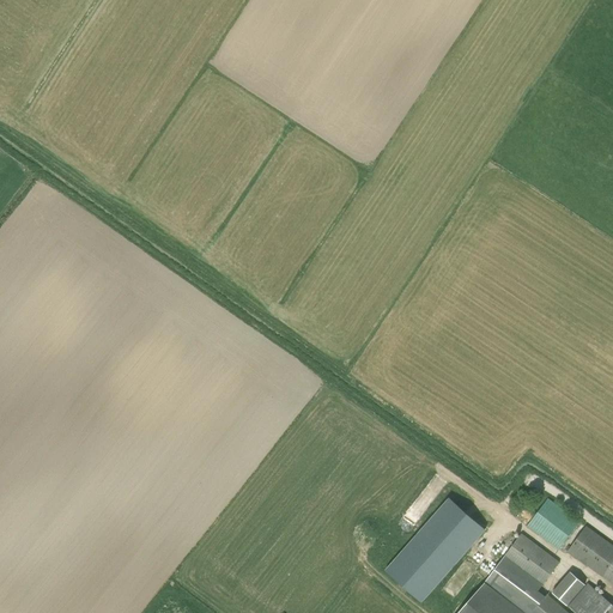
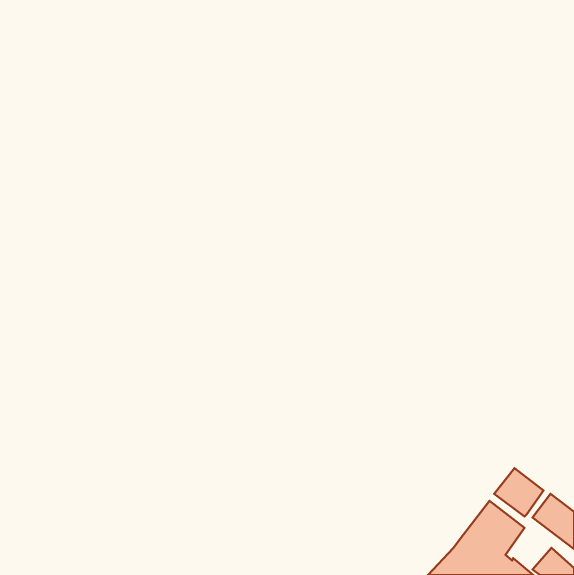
building: [384,498,485,602] -> none
building: [551,571,584,606] -> none

